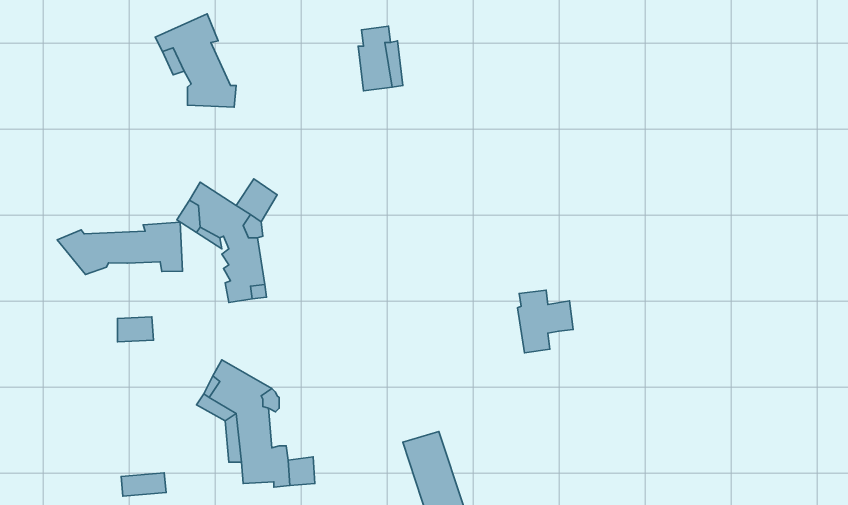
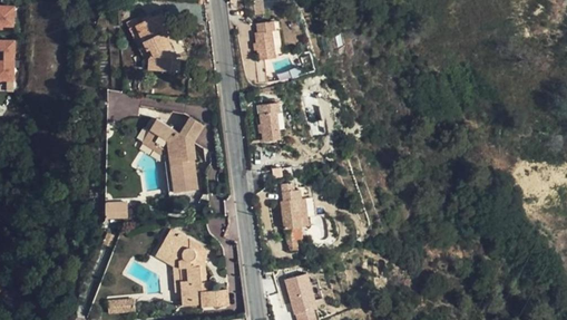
building: none -> [258,103,278,143]
building: [57,222,183,275] -> none
building: [517,290,573,353] -> [280,191,314,230]

